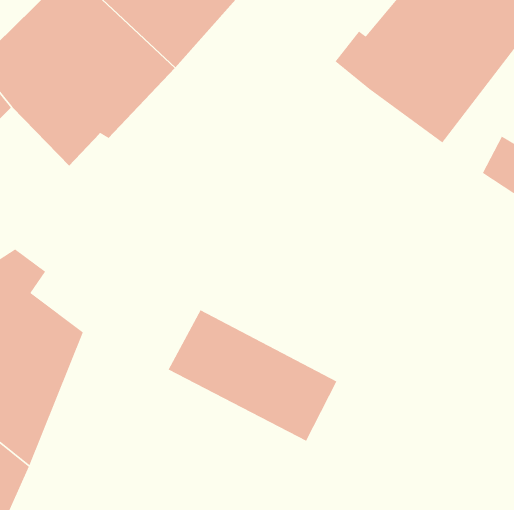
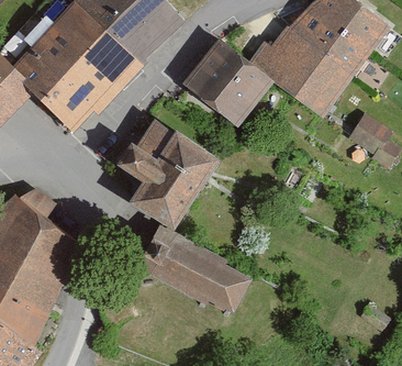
building: none -> [185,38,272,125]
building: none -> [114,130,220,231]

